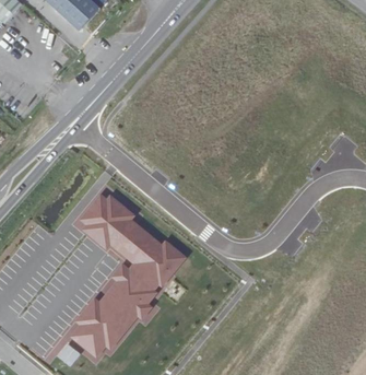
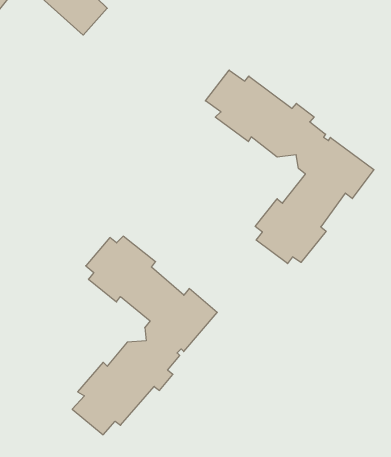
building: none -> [205,70,374,264]

